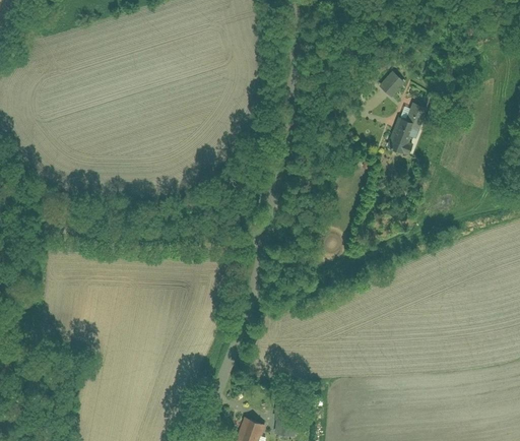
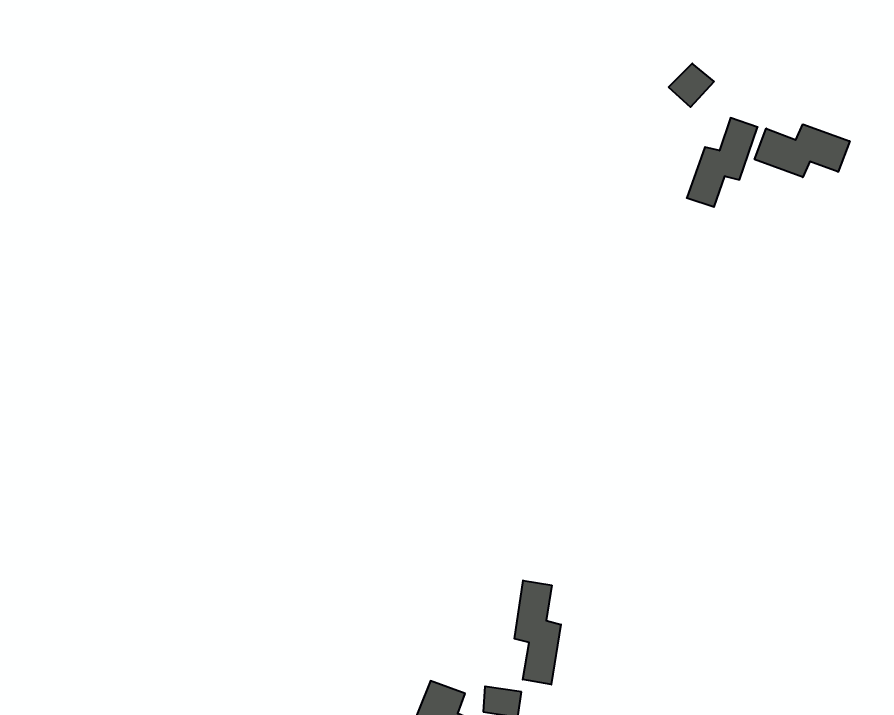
building: none -> [755,124,850,177]
building: none -> [514,580,561,685]

